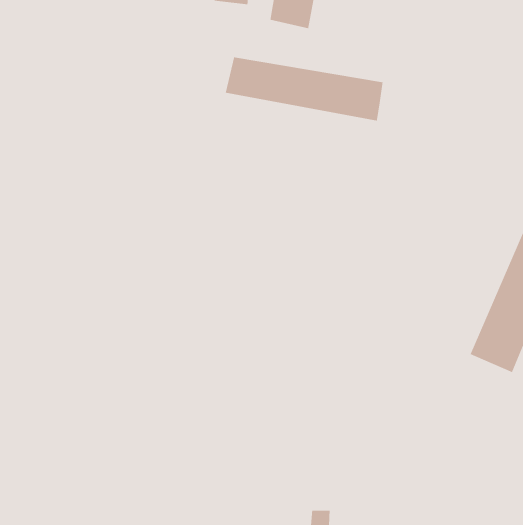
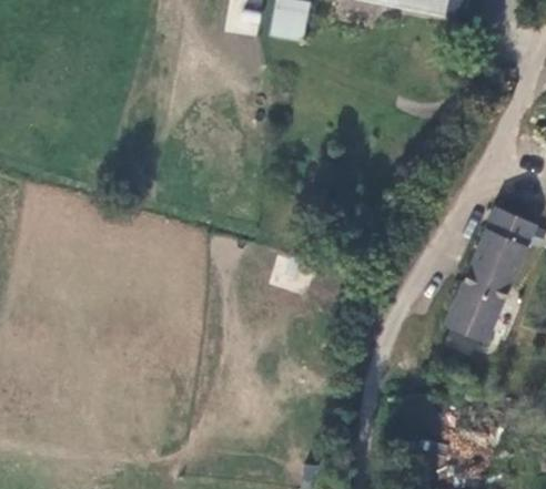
building: [225,56,383,121] -> none

